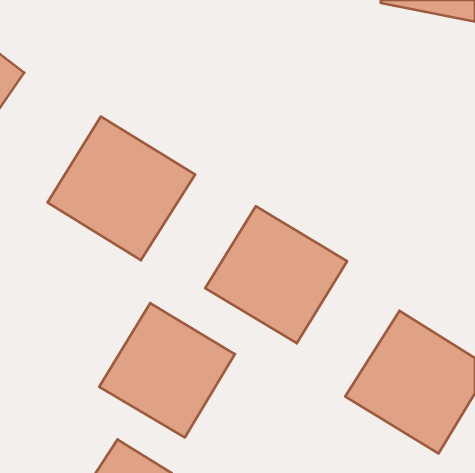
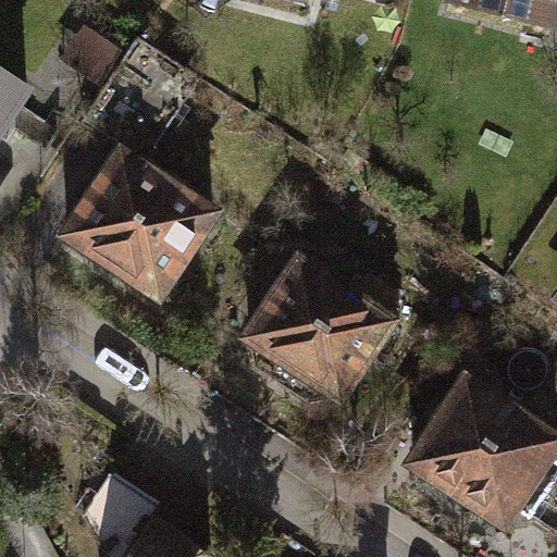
building: [99,303,235,437] -> none

